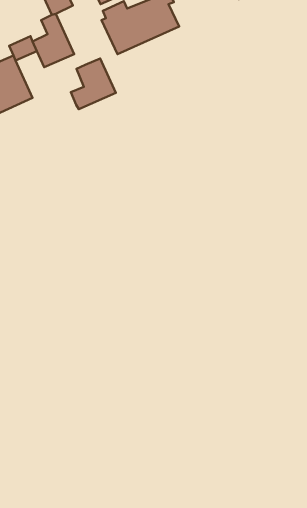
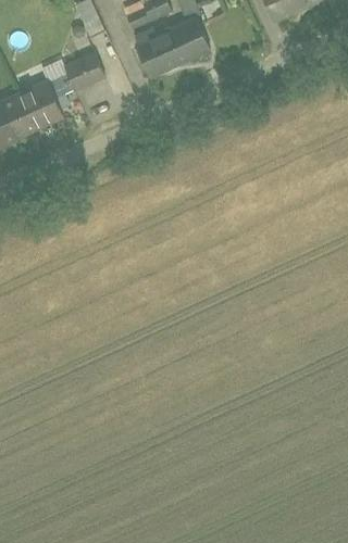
building: [71,59,116,109] -> none

